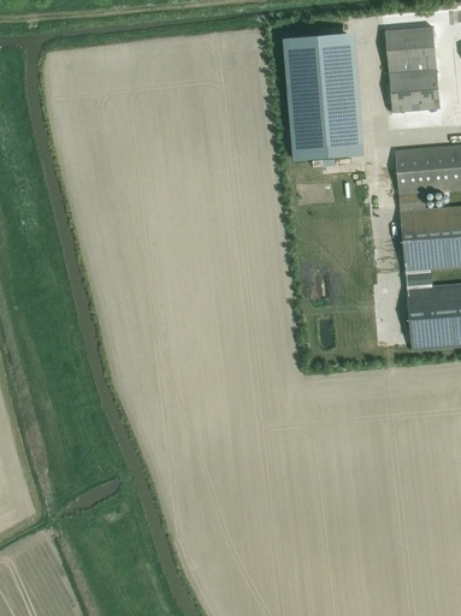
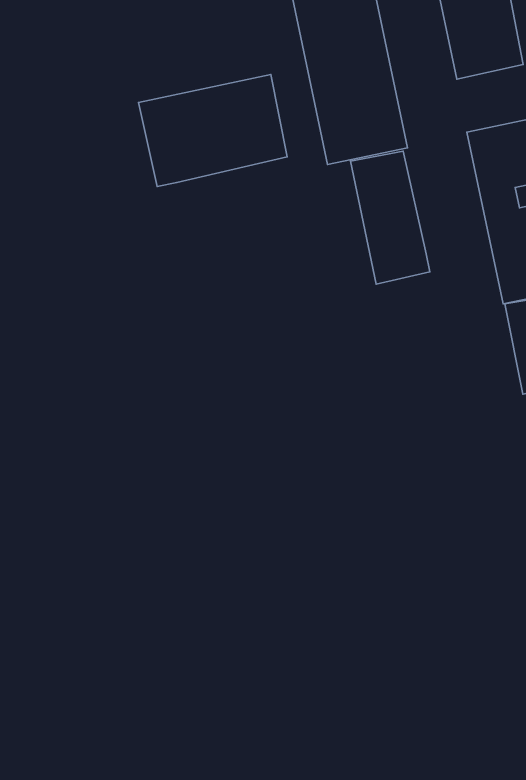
building: none -> [138,75,287,186]
building: none -> [350,151,430,284]

